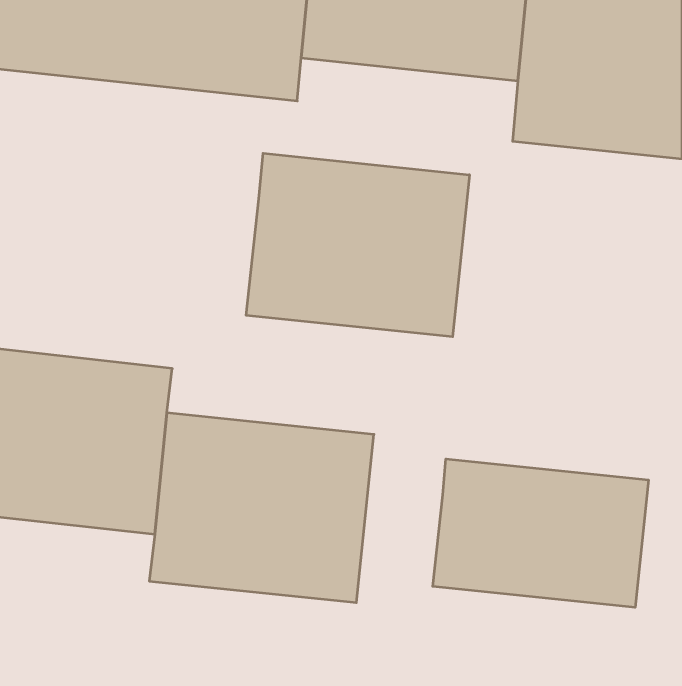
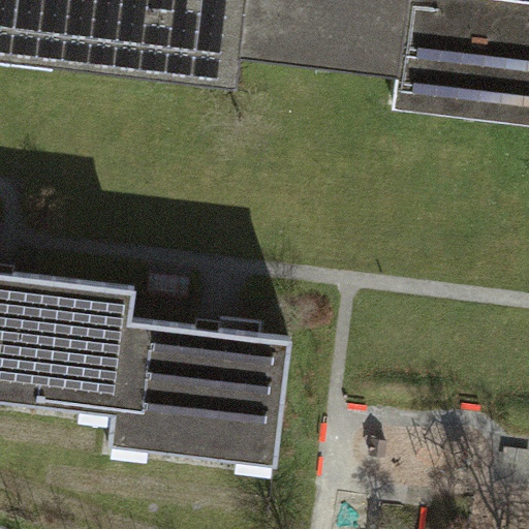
building: [246,153,469,337] -> none
building: [433,459,648,607] -> none

